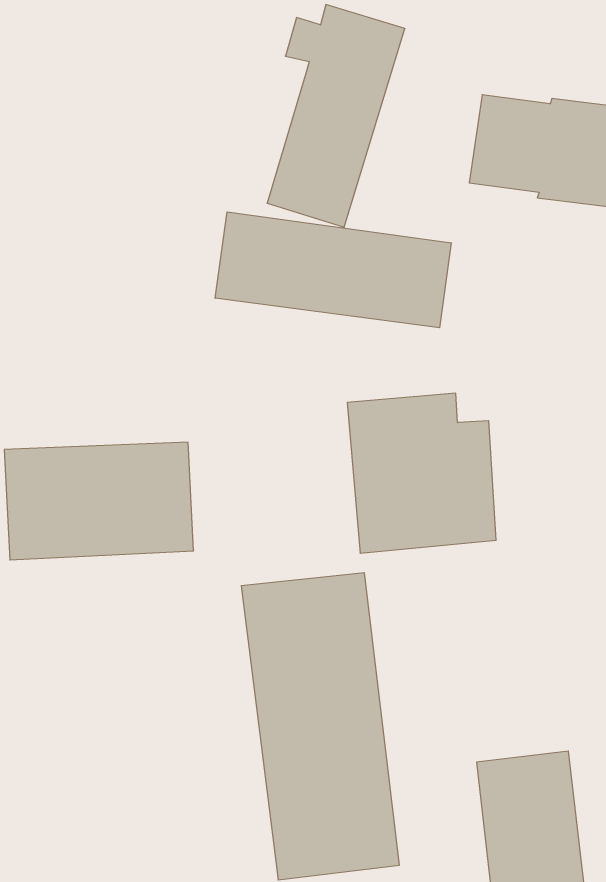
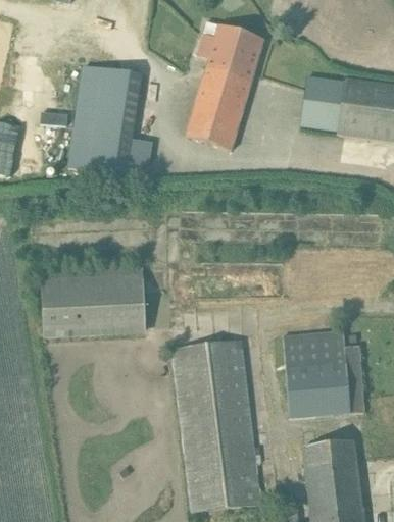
building: none -> [66,65,152,176]
building: [215,212,451,328] -> none
building: [347,393,496,553] -> [282,329,364,418]

